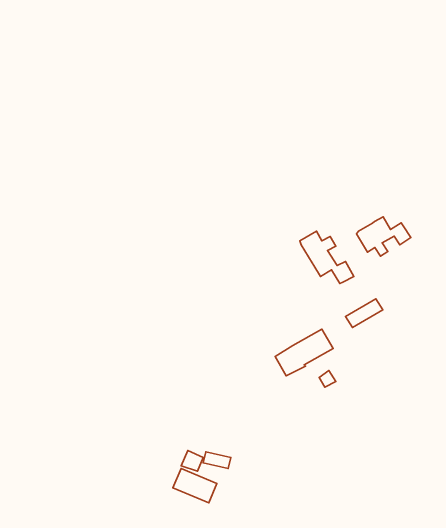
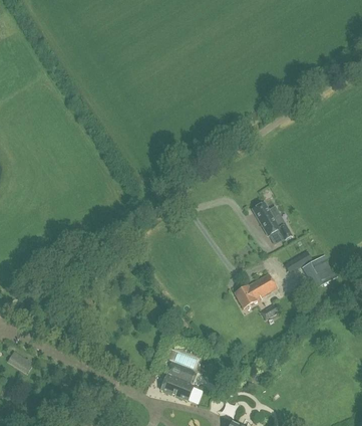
building: [356,217,411,256] -> none
building: none -> [303,256,336,288]

